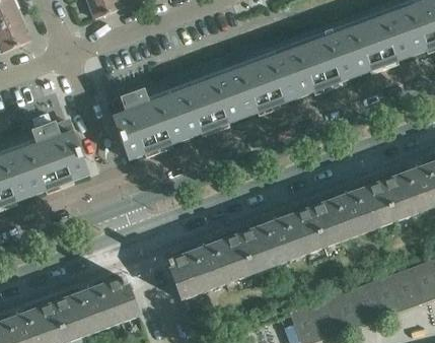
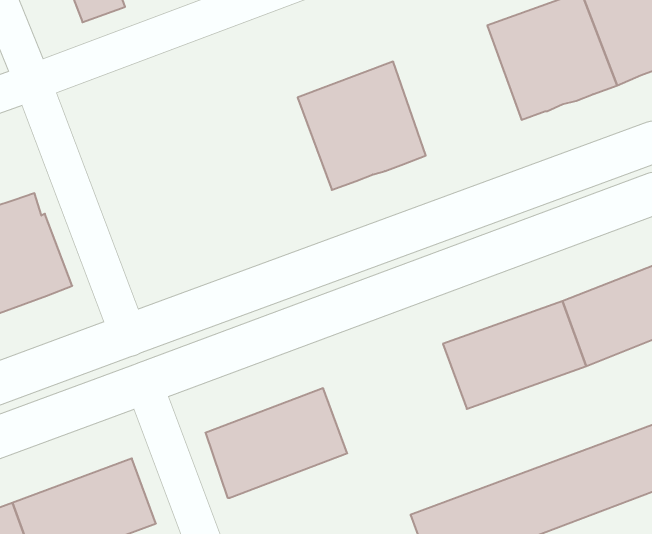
building: [279,20,355,97] -> none
building: [111,63,242,160] -> none
building: [237,209,322,274] -> none

